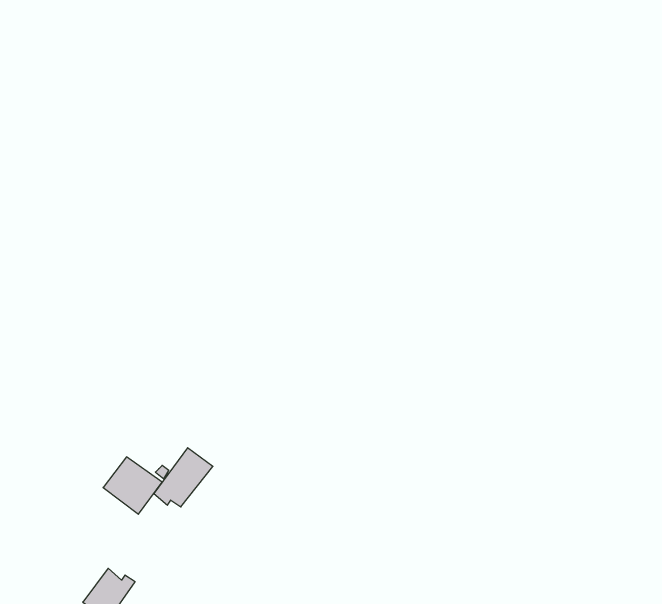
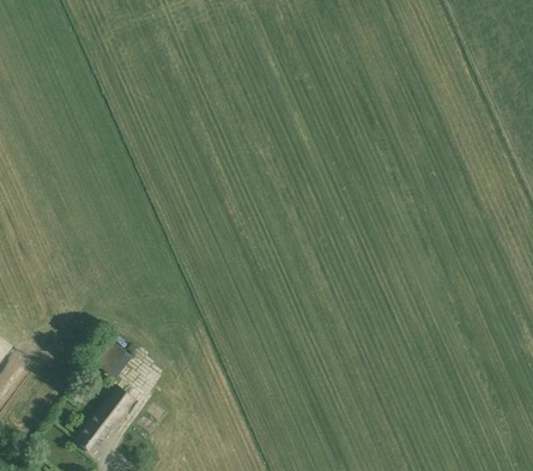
building: [154,448,213,507] -> [95,385,137,427]

